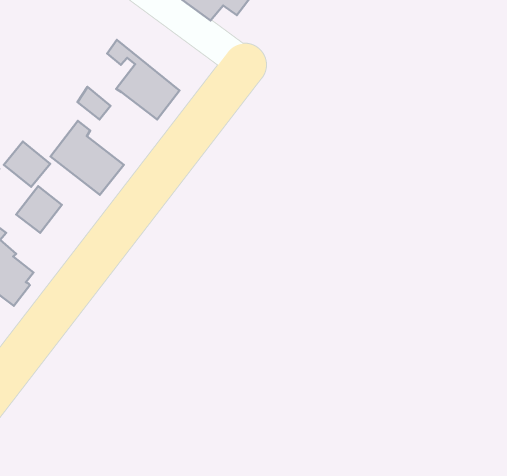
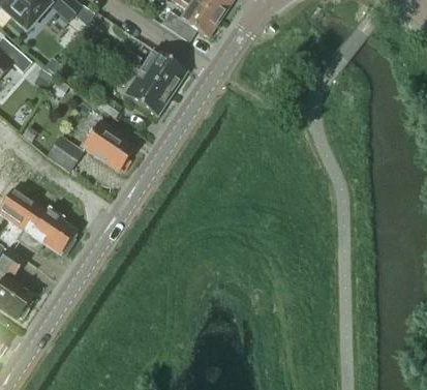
building: none -> [123,49,185,92]
building: [16,186,62,233] -> none

